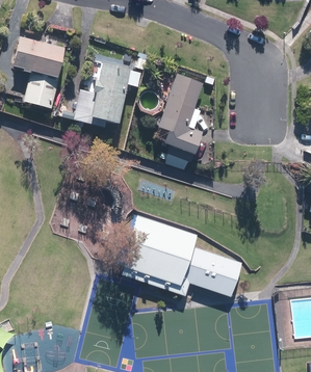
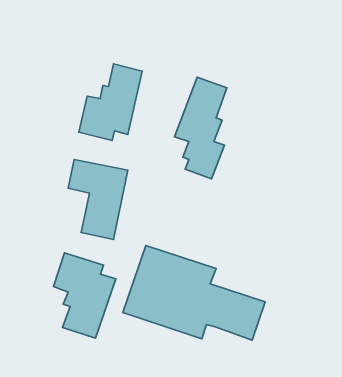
building: [16,38,68,108] -> [68,160,128,240]
building: none -> [53,253,116,338]

